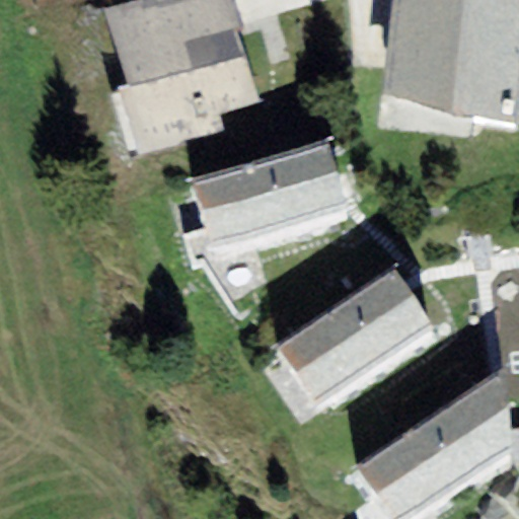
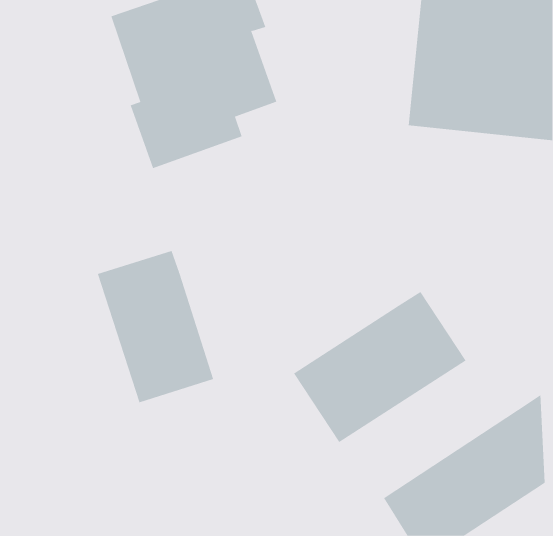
building: [191,147,351,256] -> none
building: none -> [97,250,214,403]

